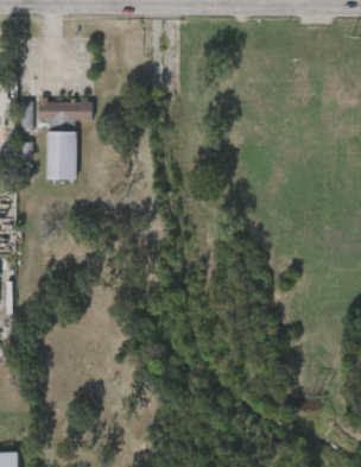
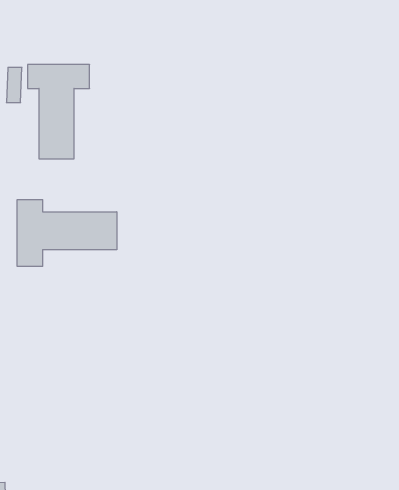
building: none -> [17,200,117,266]

